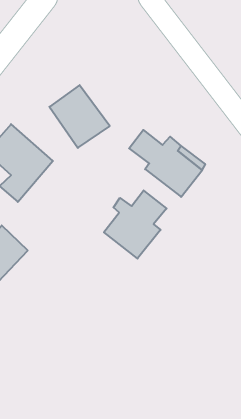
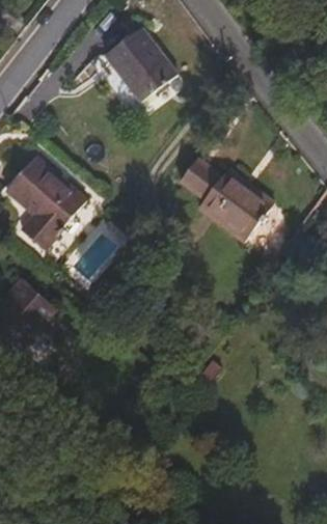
building: [49,85,110,148] -> [107,28,182,106]
building: [104,190,167,259] -> none

